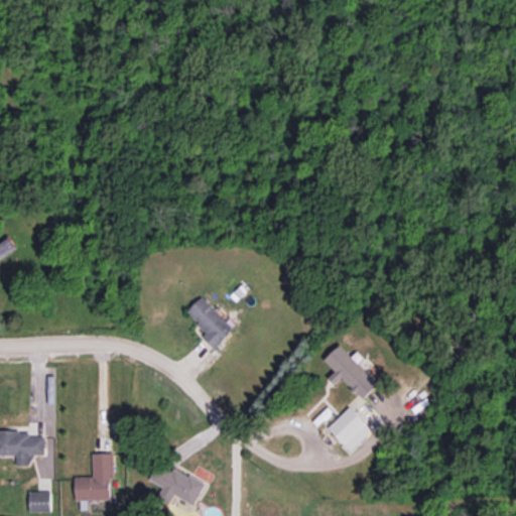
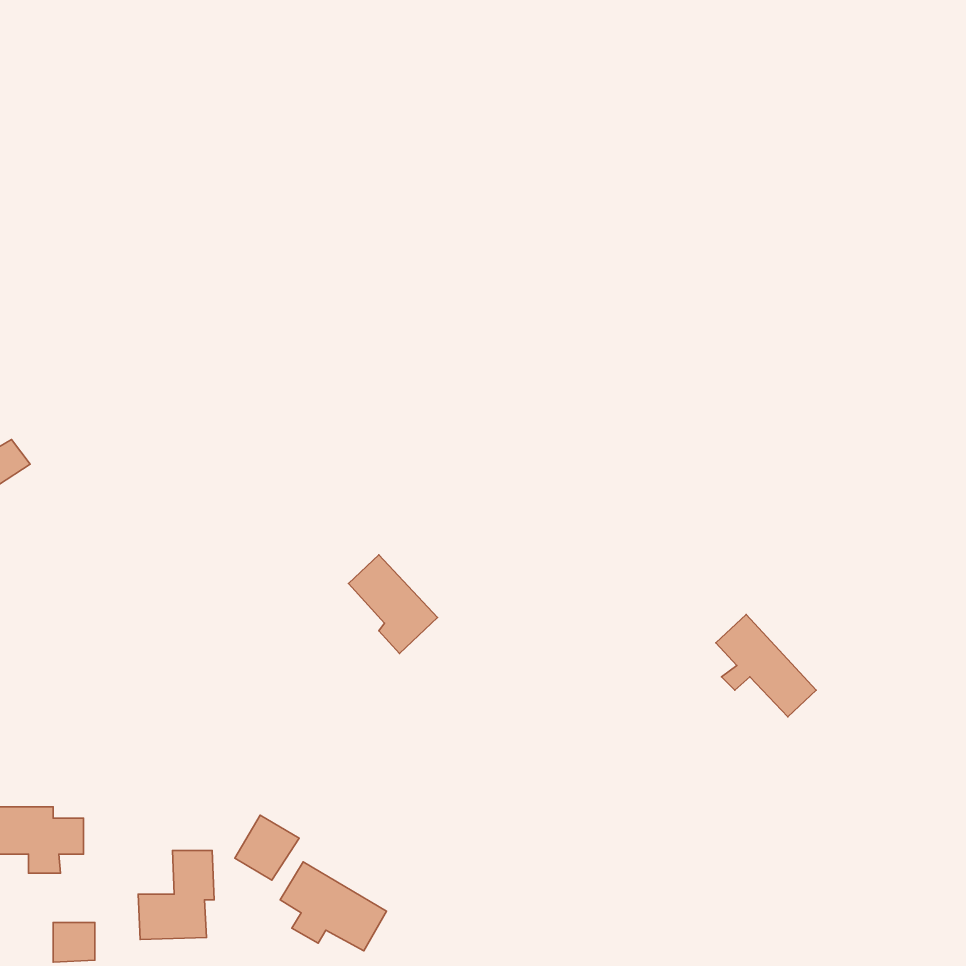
building: [324,345,377,399] -> [716,614,816,717]
building: [327,407,371,452] -> none
building: none -> [235,815,299,880]

